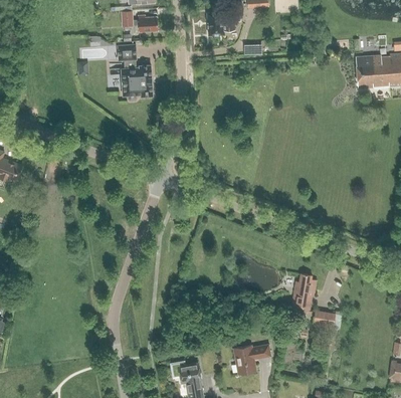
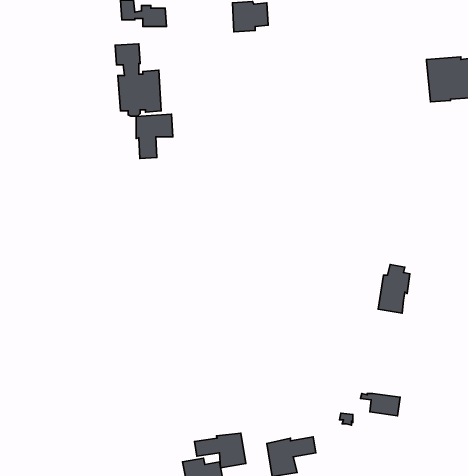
building: none -> [136,114,173,158]
building: [291,273,316,311] -> [378,264,410,313]
building: none -> [195,433,246,468]

